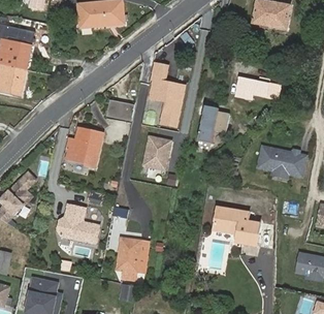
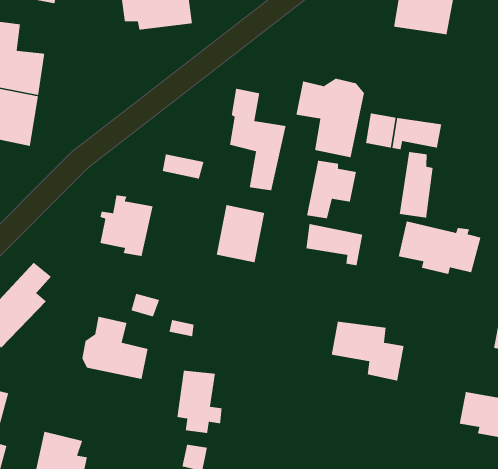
building: none -> [296,78,365,158]
building: none -> [399,151,433,219]
building: none -> [305,223,363,266]

